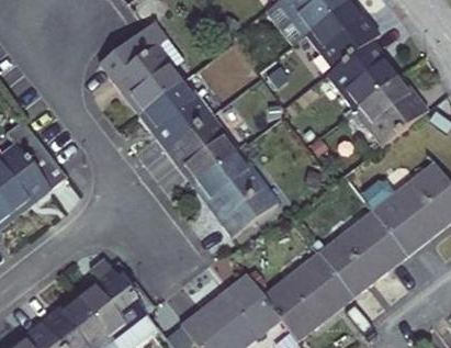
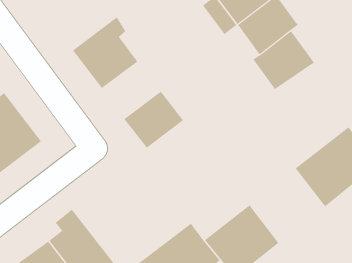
building: [142,80,213,149] -> none
building: [349,81,422,151] -> none
building: [195,150,287,247] -> none
building: [319,209,409,298] -> none

